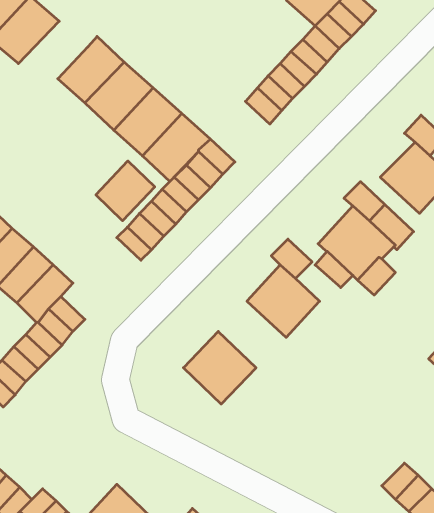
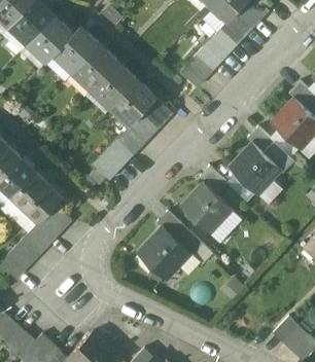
building: none -> [26,17,73,65]
building: [96,161,155,221] -> none
building: none -> [155,211,203,257]

